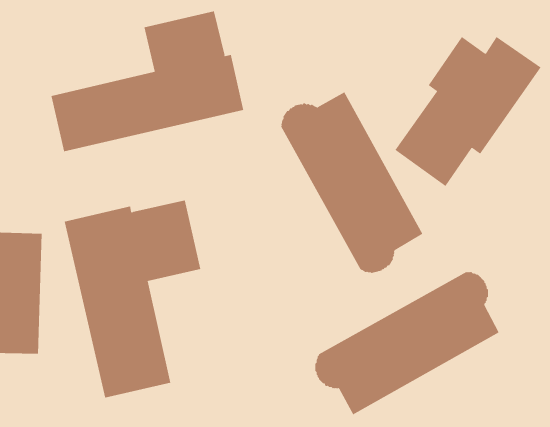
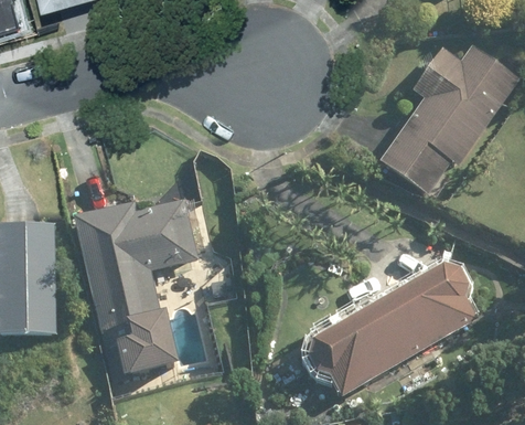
building: [51,10,244,152] -> none
building: [280,92,423,274] -> none

